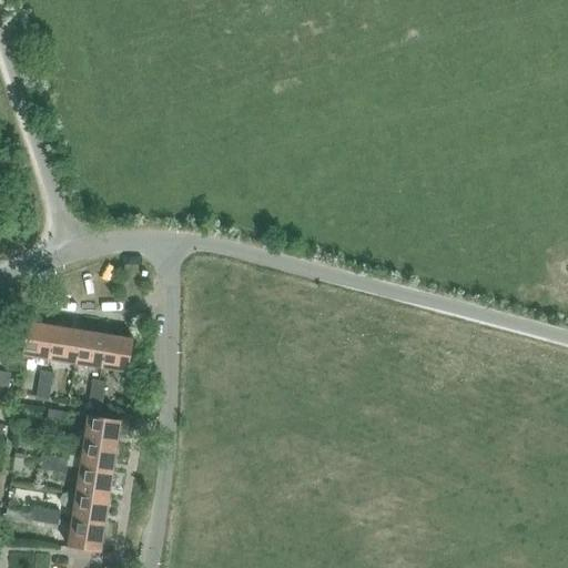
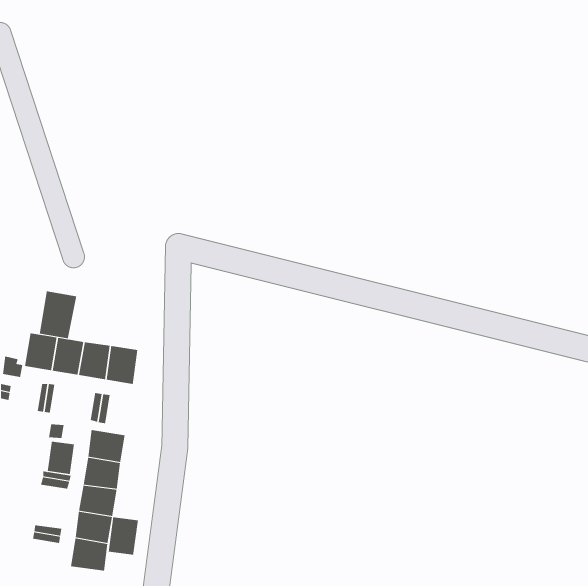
building: none -> [39,291,77,339]
building: none -> [47,441,74,475]
building: none -> [108,516,138,555]

